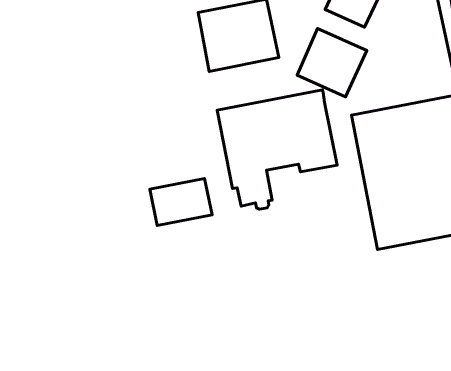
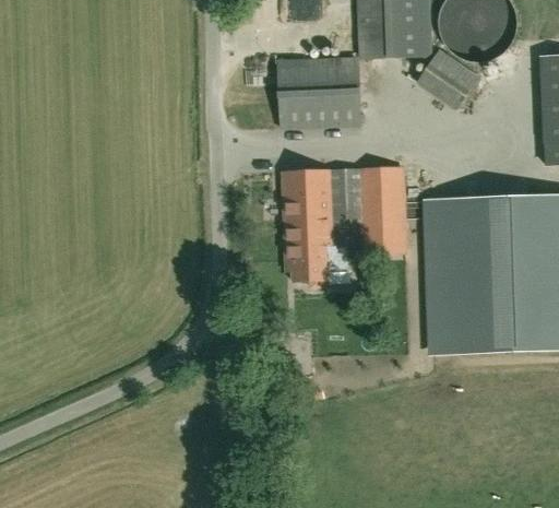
building: [297,28,367,97] -> none
building: [150,179,212,225] -> none

